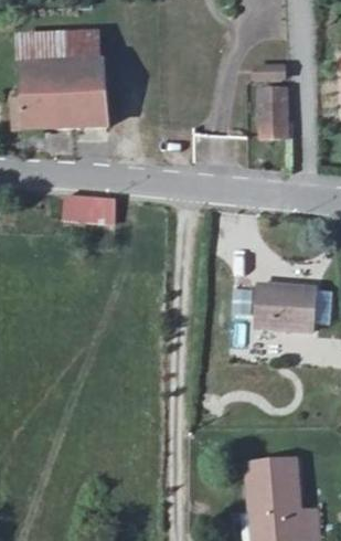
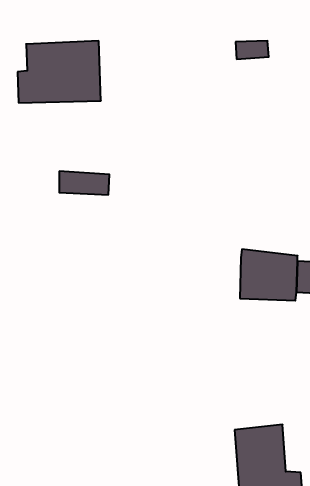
building: [32,39,107,67] -> none
building: [251,84,280,136] -> none

